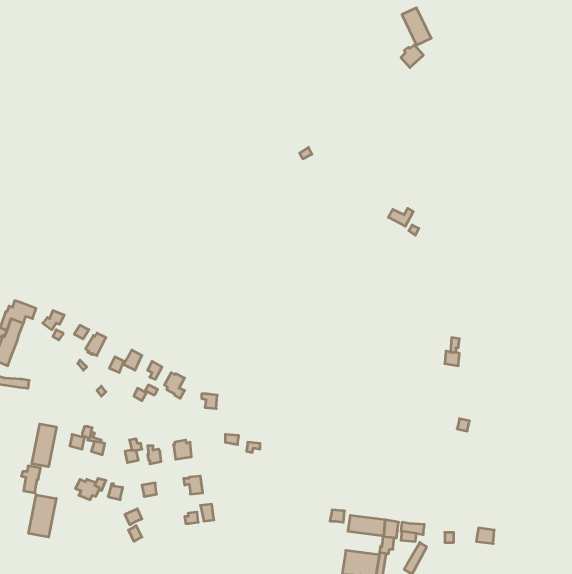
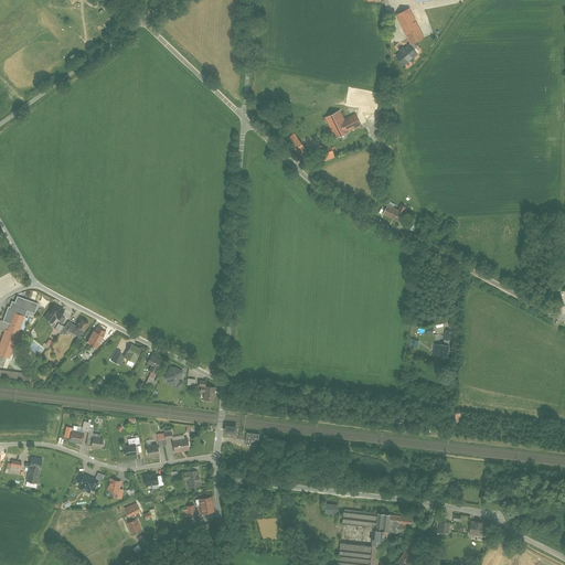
building: none -> [323,111,359,140]
building: [32,424,56,467] -> none
building: [29,495,56,537] -> none

